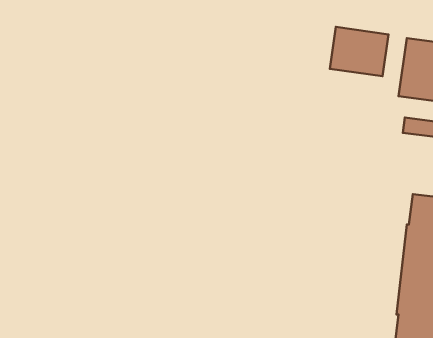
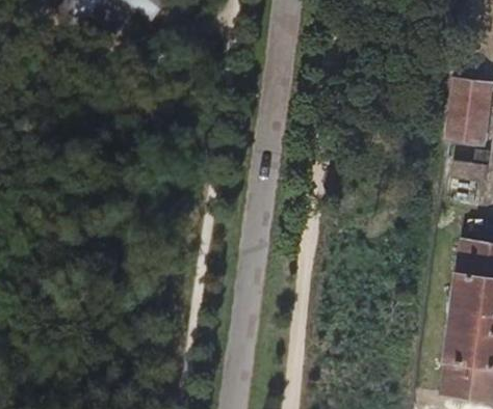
building: [330,27,389,76] -> none

